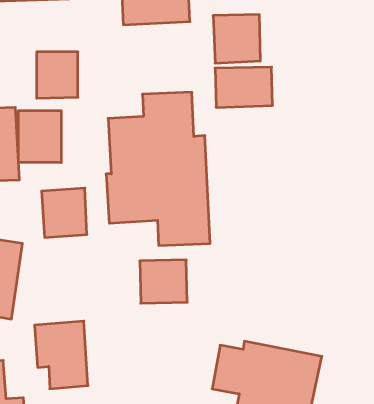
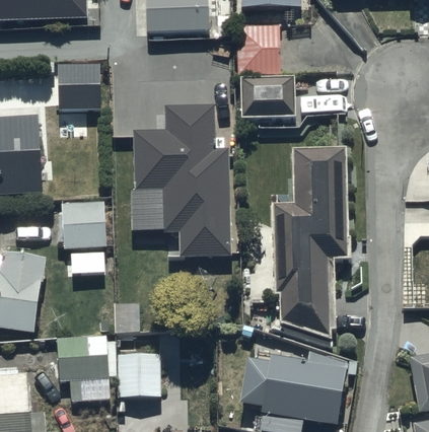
building: [18,111,61,163] -> none
building: none -> [271,148,345,340]
building: [140,260,187,303] -> [118,353,165,397]

